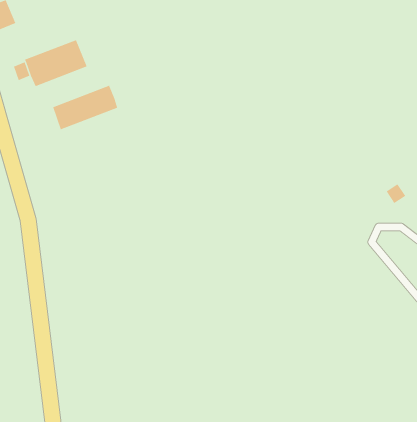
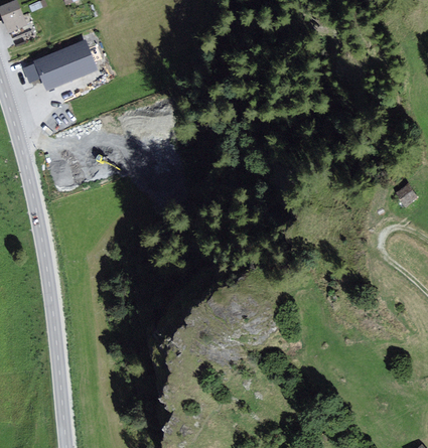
building: [52,85,118,130] -> none

